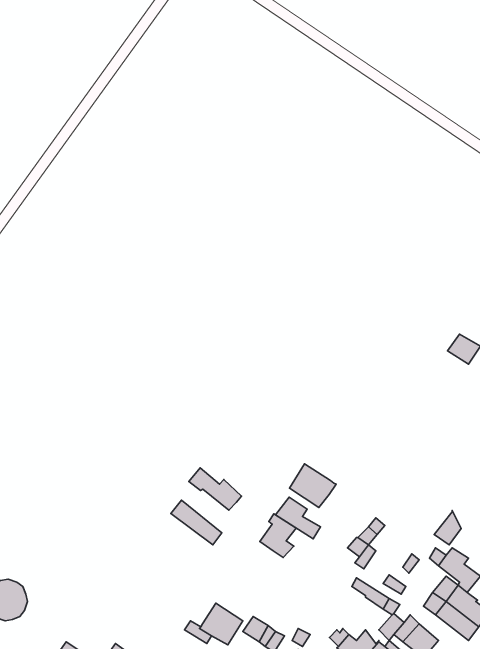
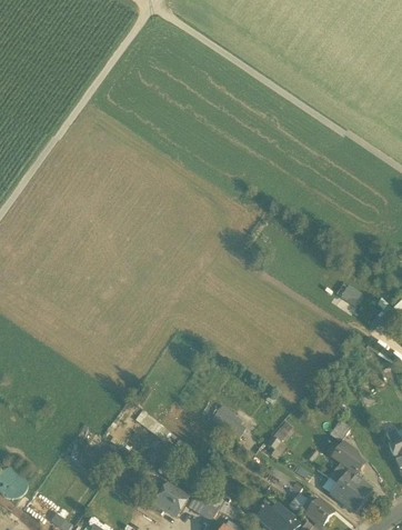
building: [290,464,336,507] -> none
building: [189,468,242,510] -> none
building: [260,514,296,557] -> none

